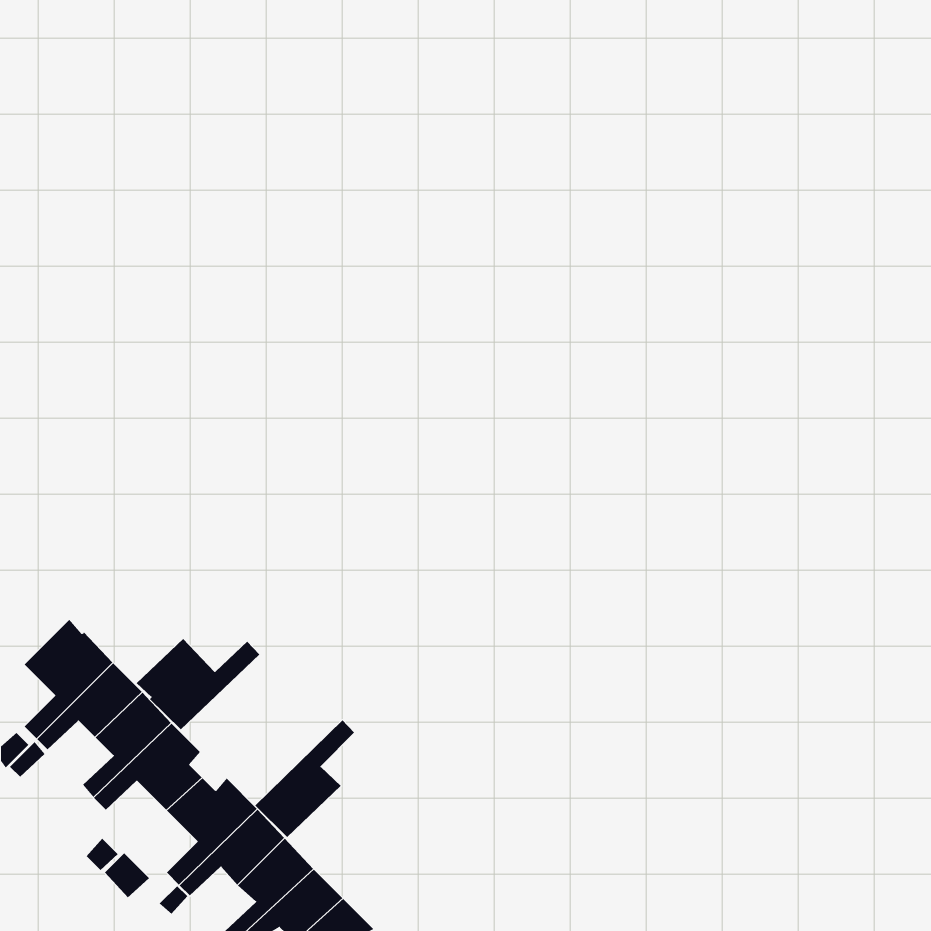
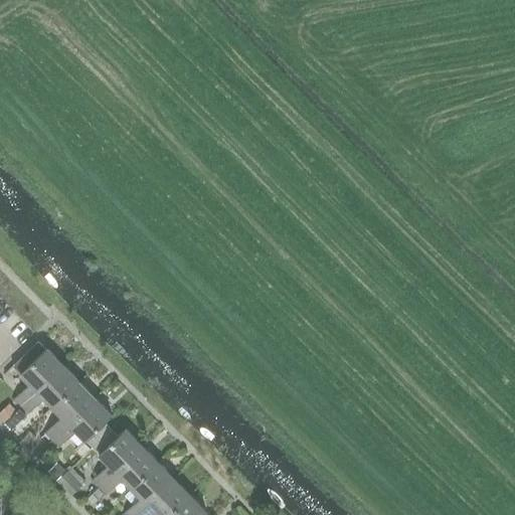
building: [136,638,260,730] -> none
building: [254,720,355,838] -> none

